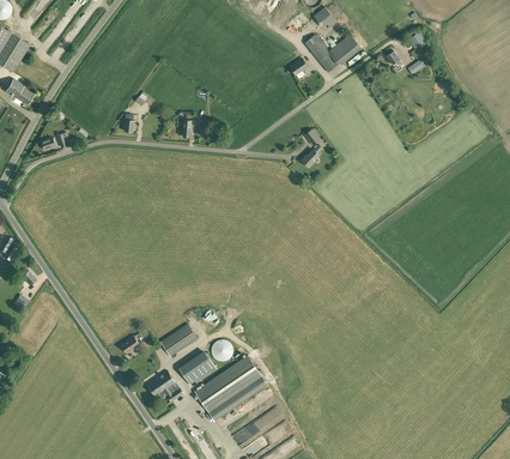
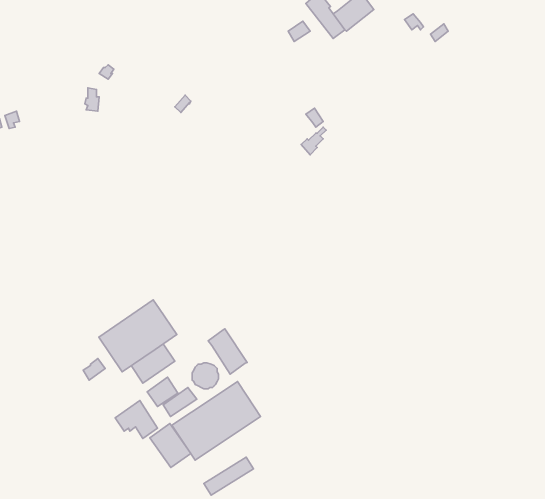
building: none -> [99,300,177,372]
building: none -> [208,329,247,374]
building: none -> [150,424,191,468]

